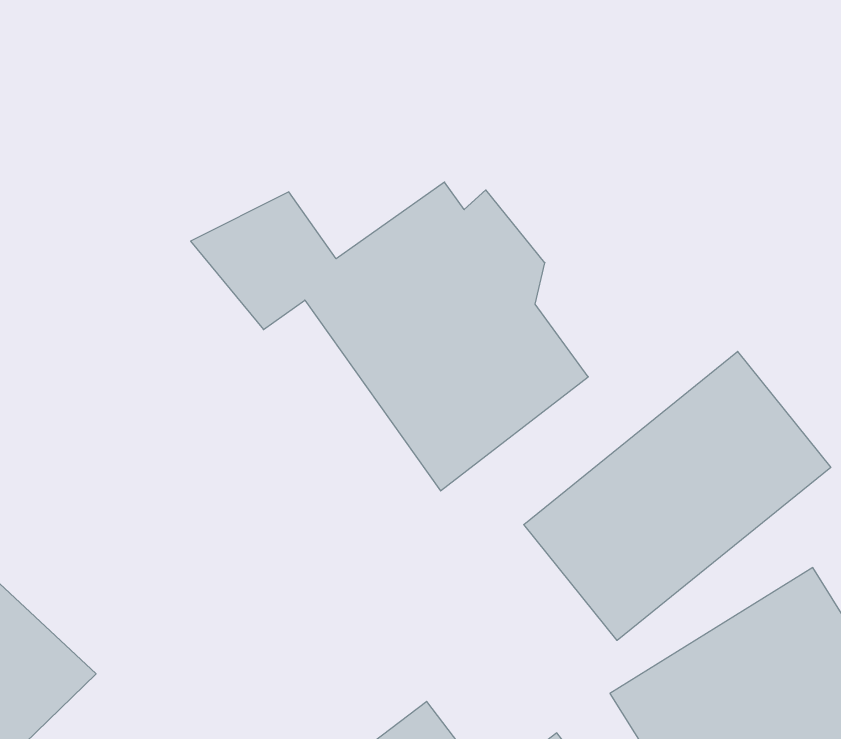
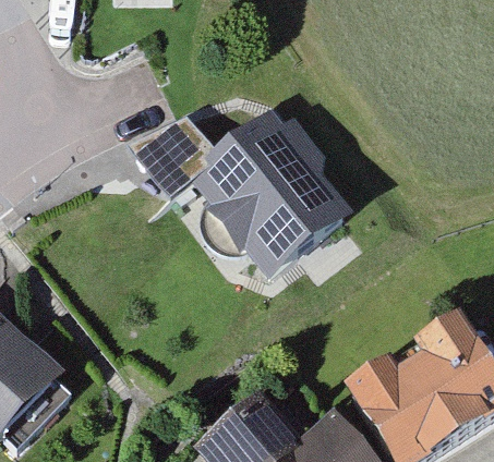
building: [524,351,831,640] -> none

